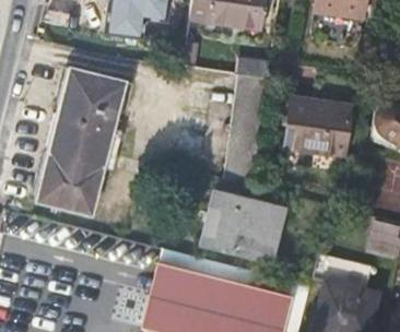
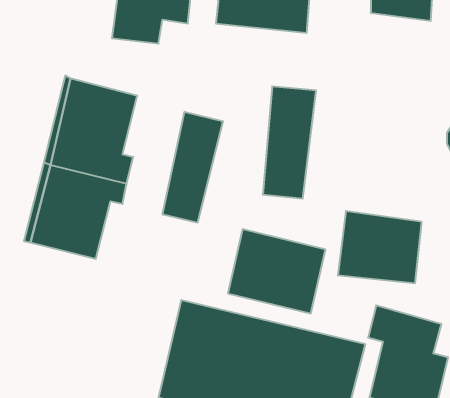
building: none -> [163,112,223,223]
building: [285,100,354,159] -> [338,211,422,283]

